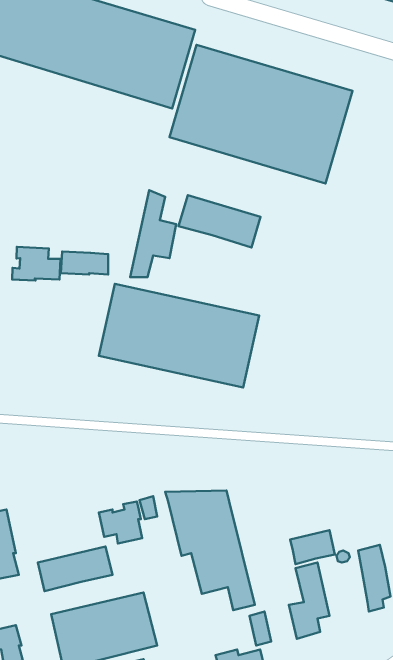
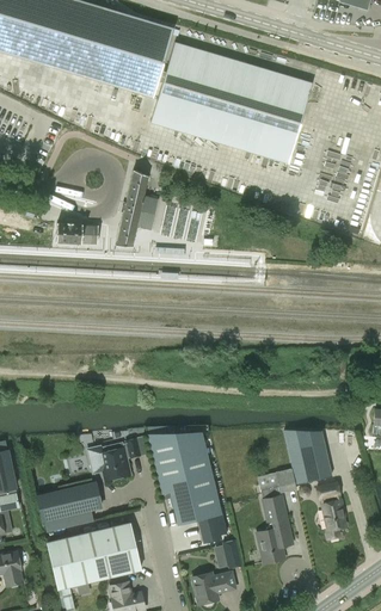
building: [179,195,261,248] -> none
building: [12,247,61,281] -> none
building: [99,284,259,387] -> none
building: none -> [299,438,332,482]

